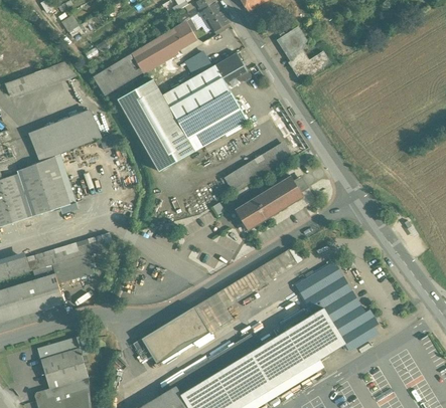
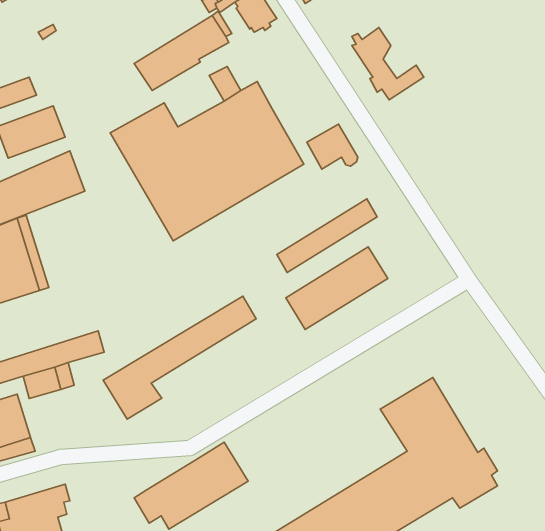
building: [94,52,145,94] -> none
building: [215,52,250,82] -> [307,124,358,169]
building: [193,249,296,332] -> [103,296,256,419]

